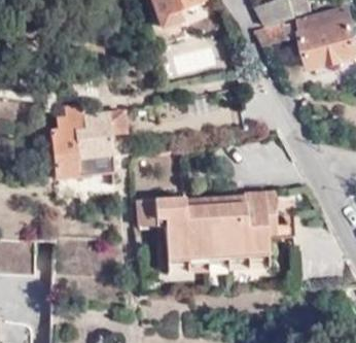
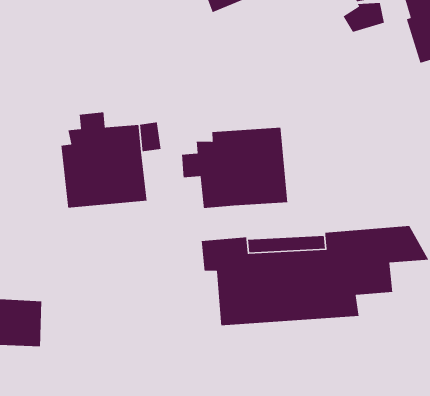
building: none -> [181,127,288,209]

